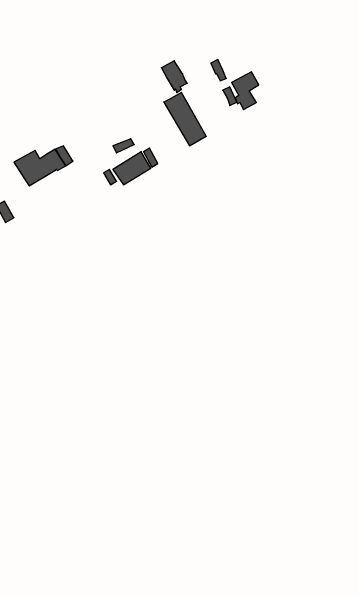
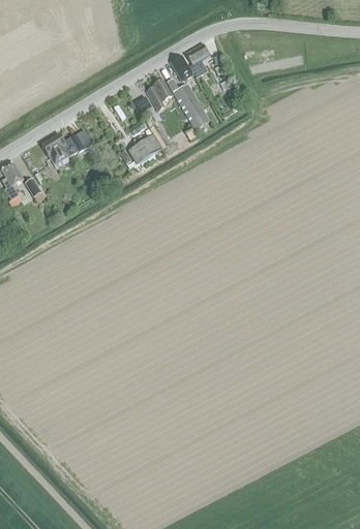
building: [232,72,259,110] -> [185,43,209,76]
building: none -> [146,79,172,110]

